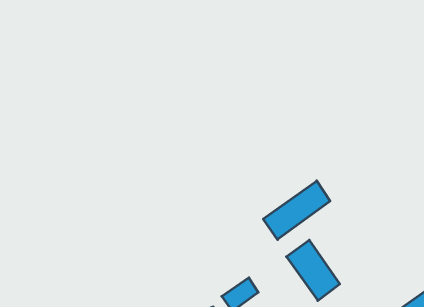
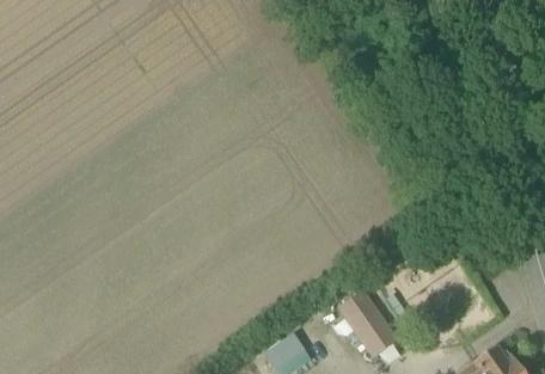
building: [263,181,330,240] -> none

